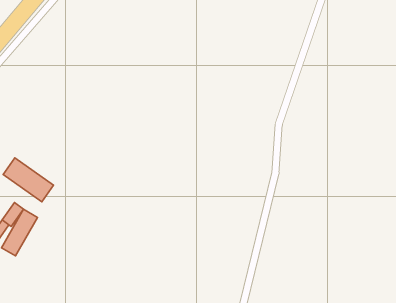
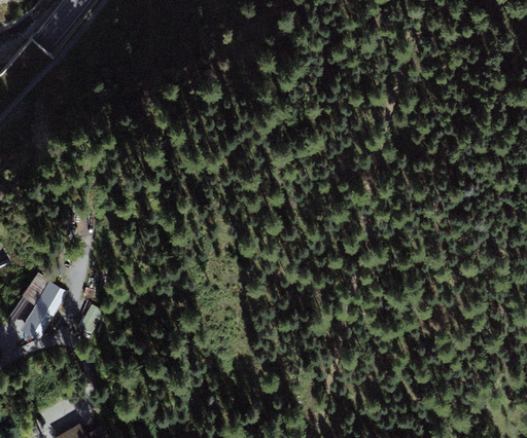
building: [3,158,54,202] -> none

